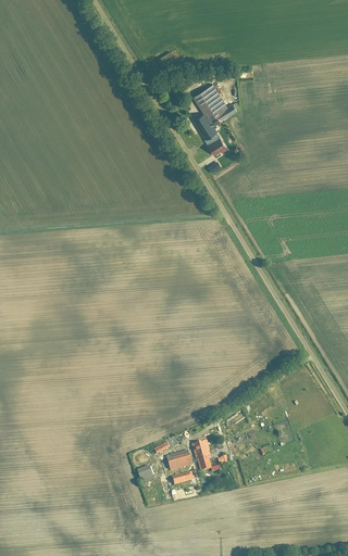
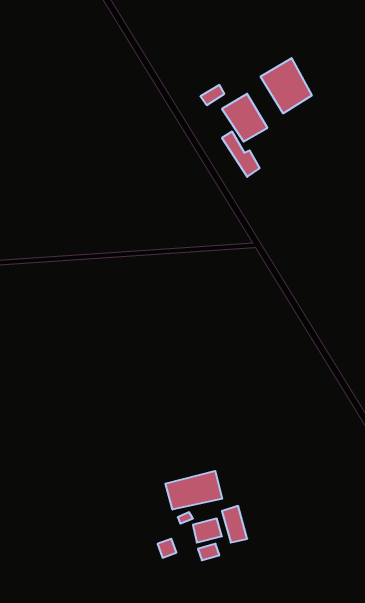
building: none -> [261,58,312,113]
building: none -> [165,471,222,510]

